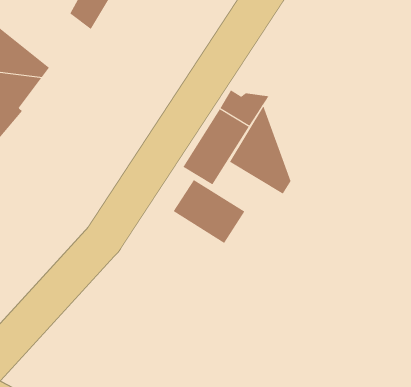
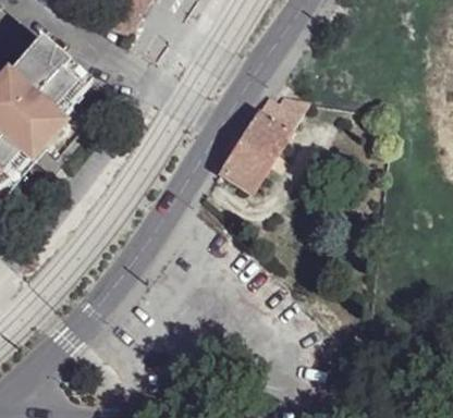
building: [229,105,291,195] -> none
building: [173,179,245,244] -> none

